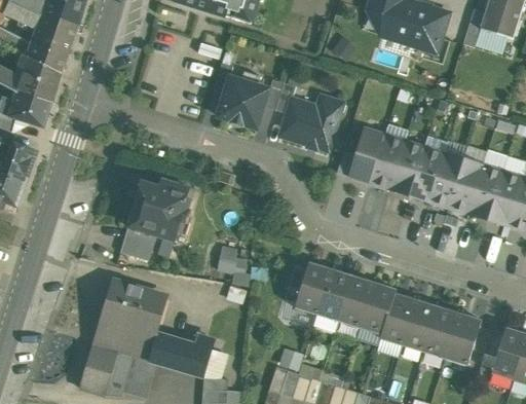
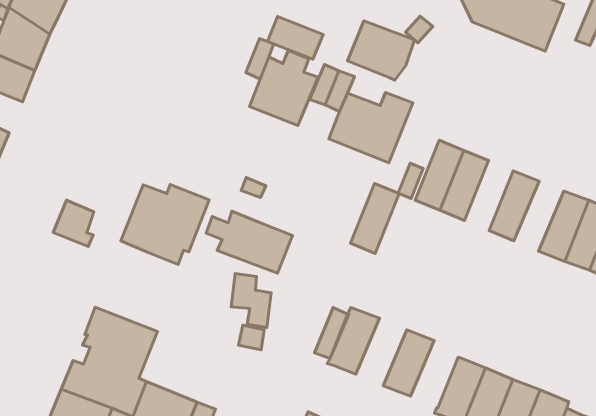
building: none -> [348,21,414,80]
building: none -> [267,17,323,59]
building: [389,141,423,194] -> [351,183,399,254]
building: [428,153,463,207] -> none
building: none -> [206,211,292,273]
building: [120,226,151,260] -> [53,200,94,246]
building: [316,268,352,320] -> none
building: [360,282,396,333] -> none

